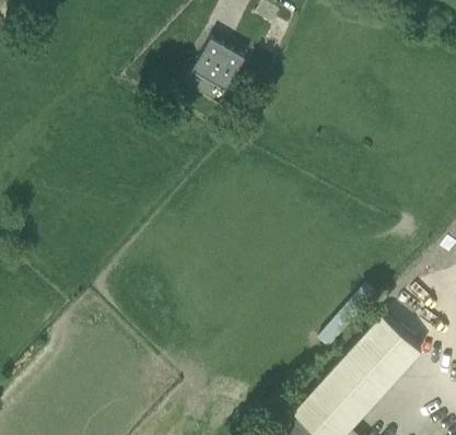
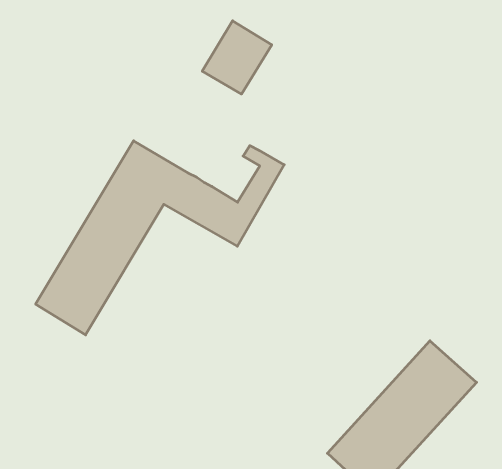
building: none -> [36,141,284,335]

